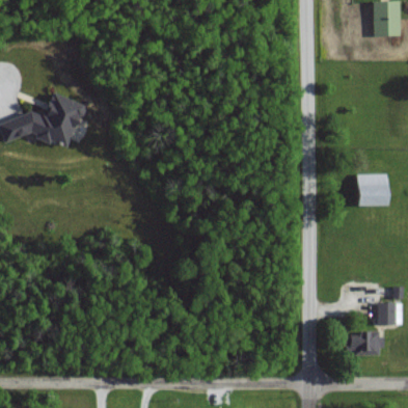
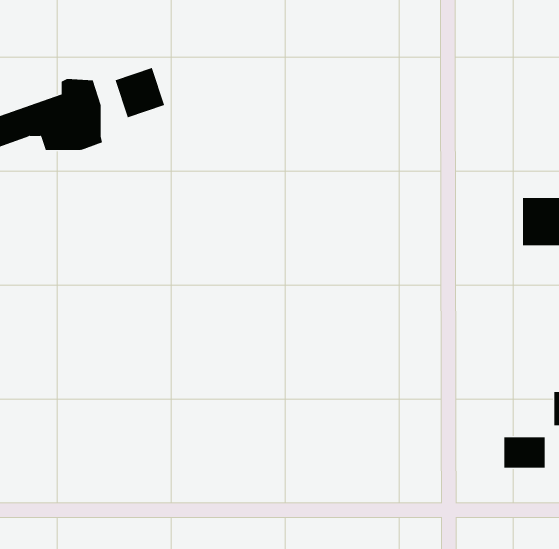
building: none -> [115,67,165,118]

